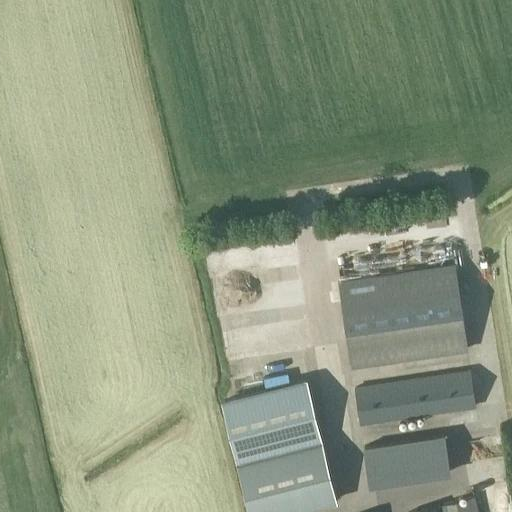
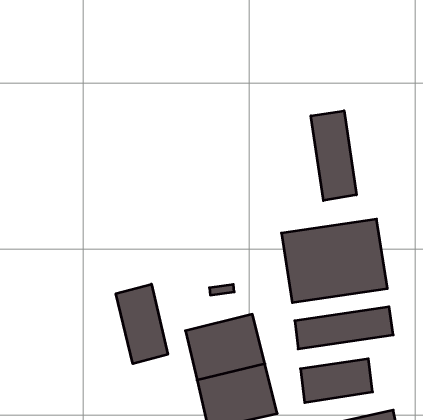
building: none -> [311,111,356,201]
building: none -> [116,284,168,364]

